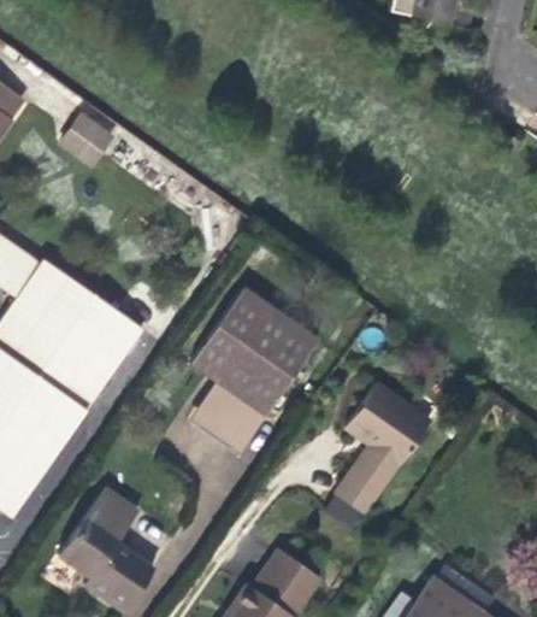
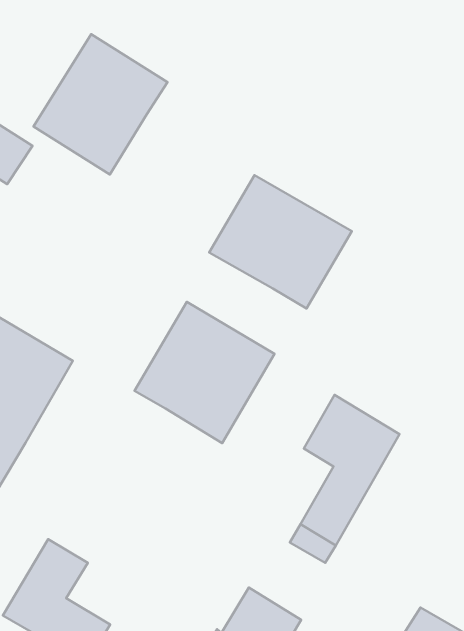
building: none -> [34,34,167,175]
building: none -> [209,175,352,309]
building: [191,380,267,452] -> none

